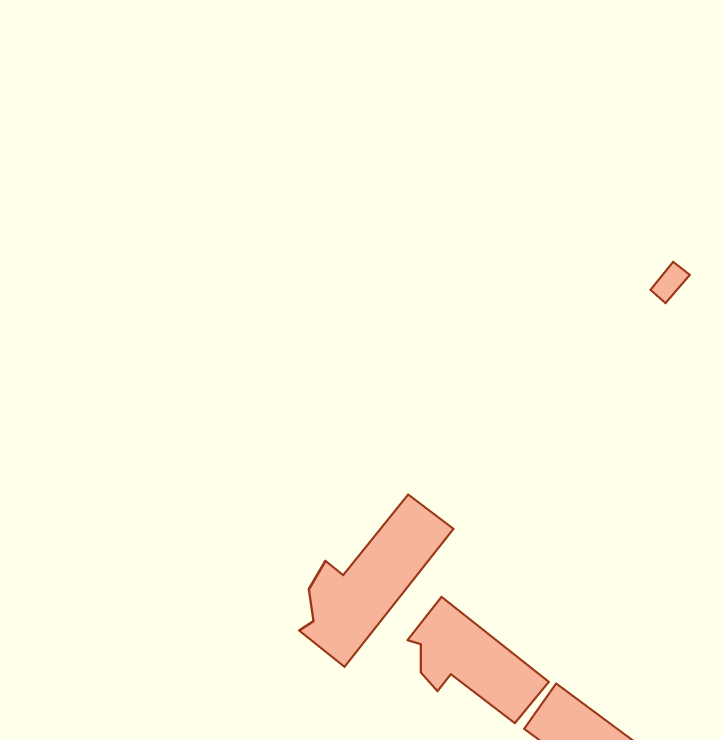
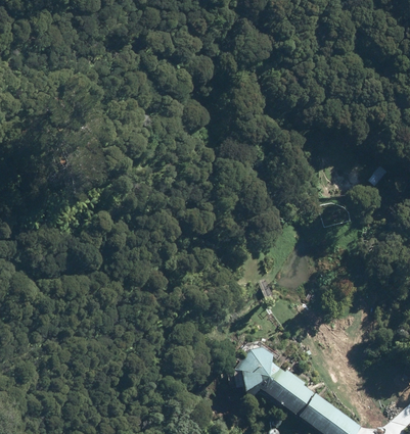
building: [299,495,453,667] -> none

